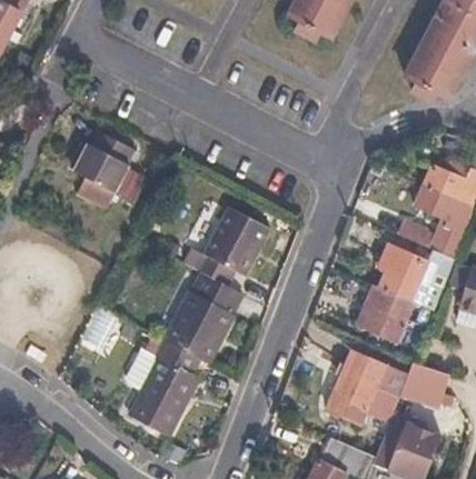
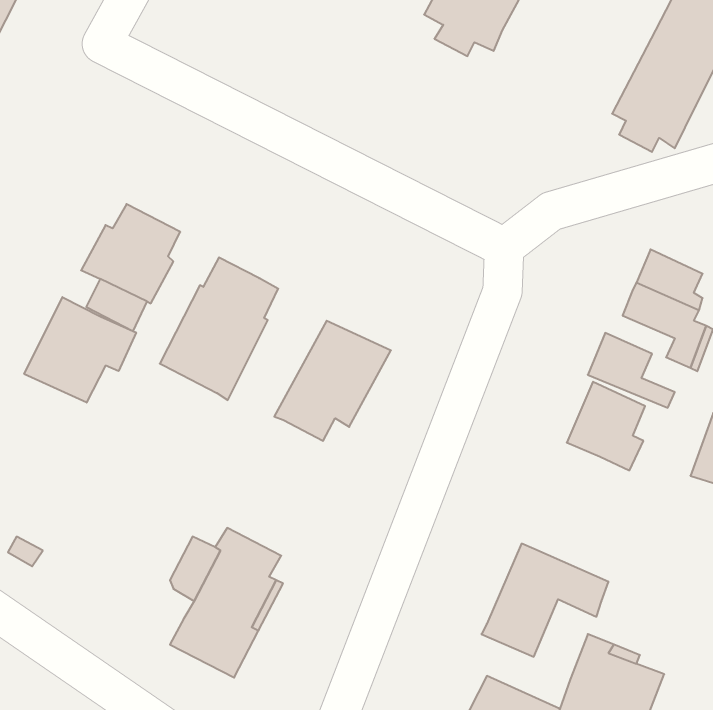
building: none -> [24,297,136,403]
building: [160,271,236,362] -> [160,257,278,400]
building: [364,286,419,338] -> none
building: [401,361,448,401] -> none

